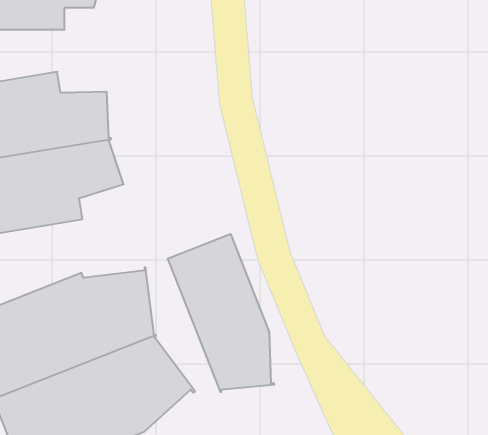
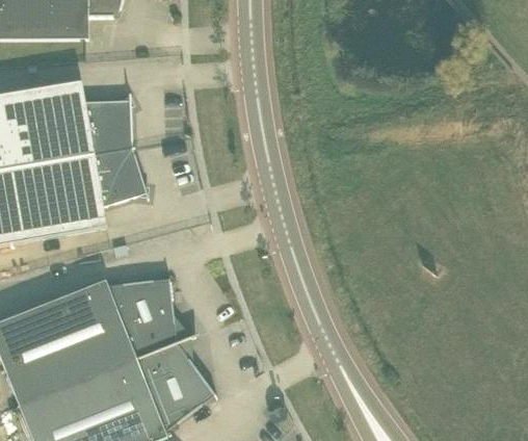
building: [168,234,274,392] -> none

